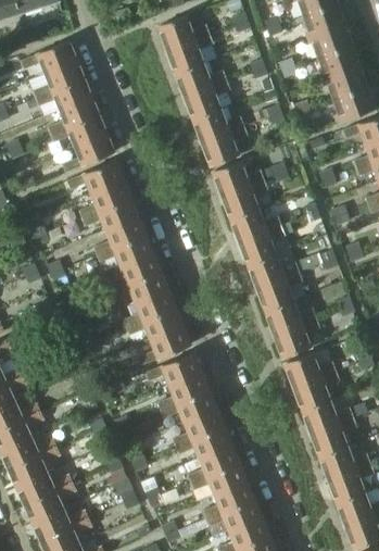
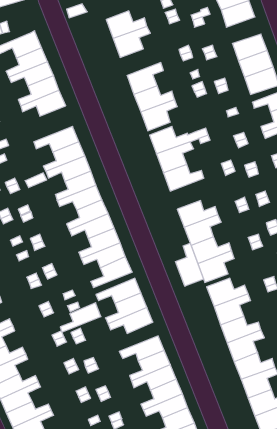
building: [309,23,353,57] -> none
building: [176,63,227,97] -> none
building: [63,135,115,172] -> none
building: [239,226,285,265] -> none
building: none -> [175,243,204,286]
building: [173,408,224,444] -> [60,303,101,332]

